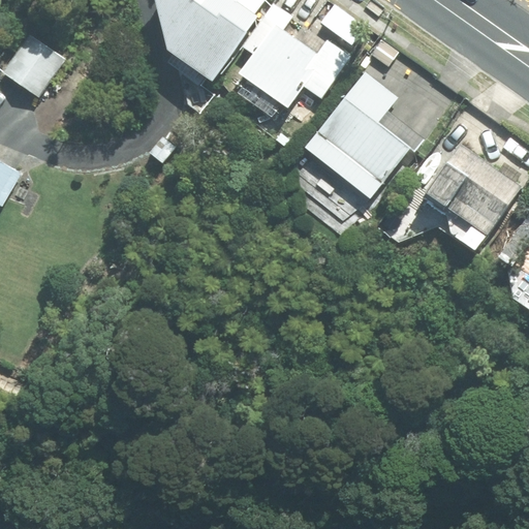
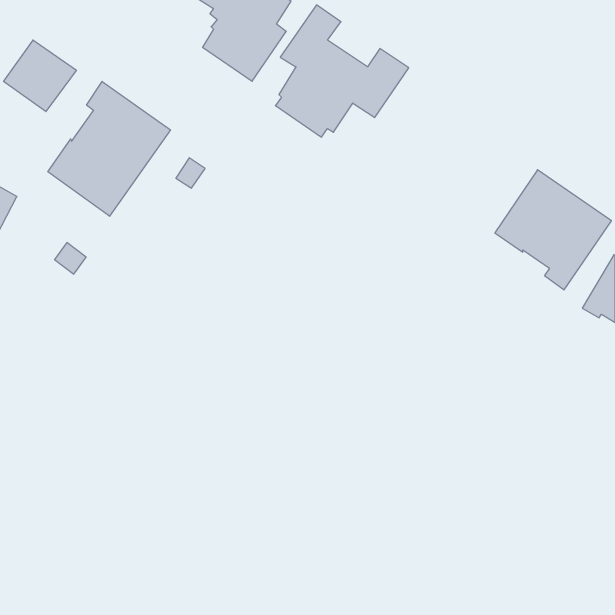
building: none -> [48,81,170,216]
building: [301,71,421,201] -> none

